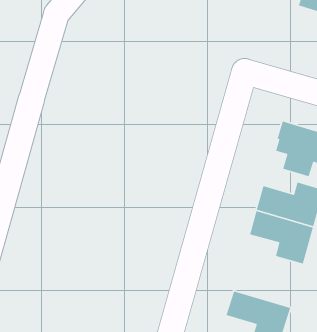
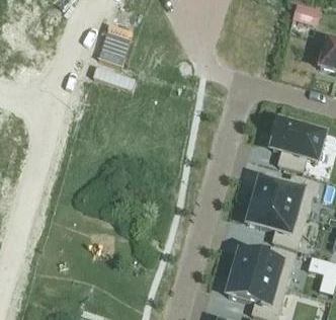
building: none -> [232,246,293,287]

